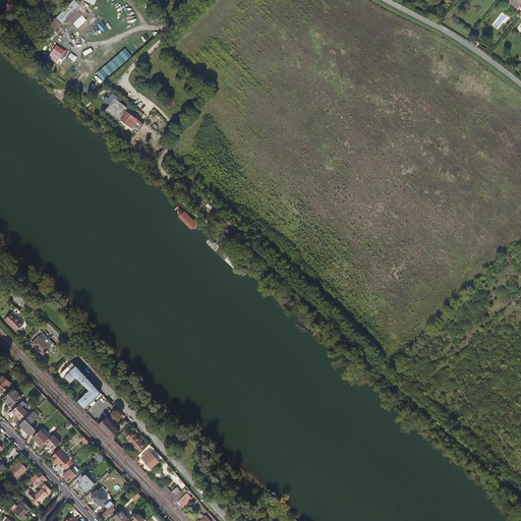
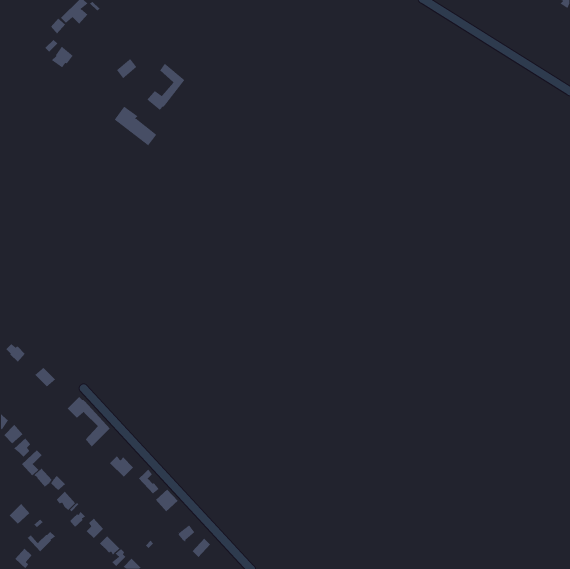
building: none -> [147,63,185,111]

